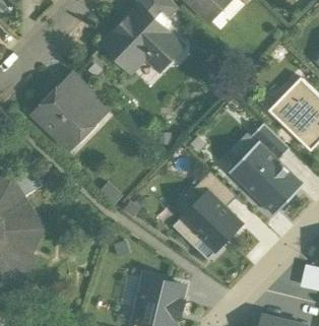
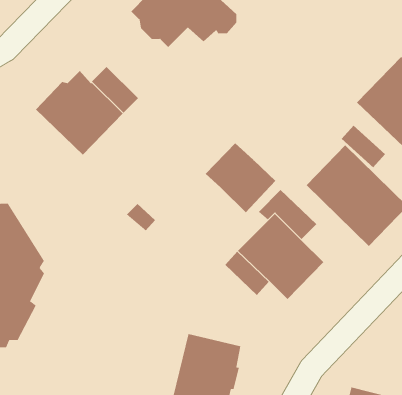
building: none -> [205,143,276,213]

